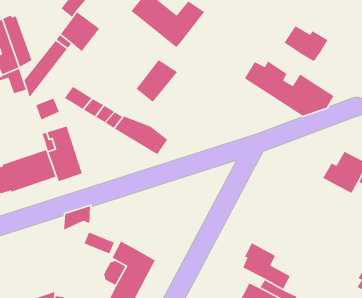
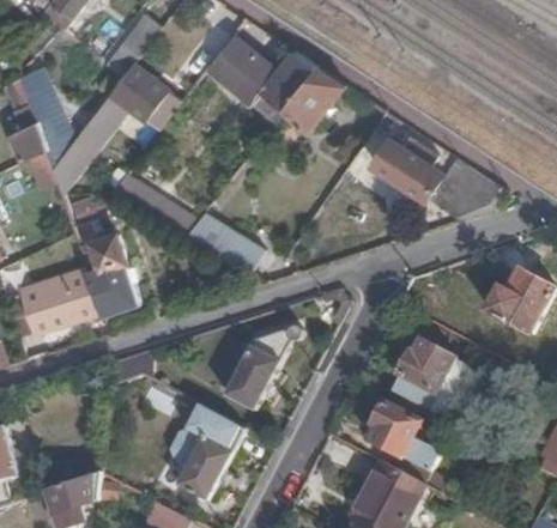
building: [283,25,328,62] -> none
building: [136,59,178,103] -> [283,67,345,131]
building: none -> [225,326,302,408]
building: none -> [388,338,472,411]

